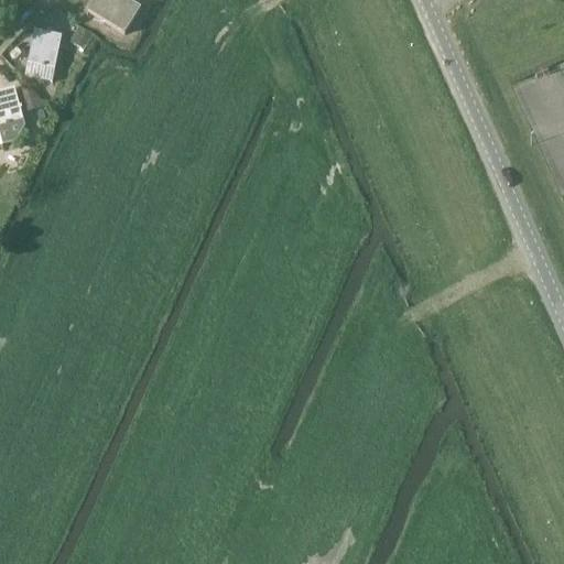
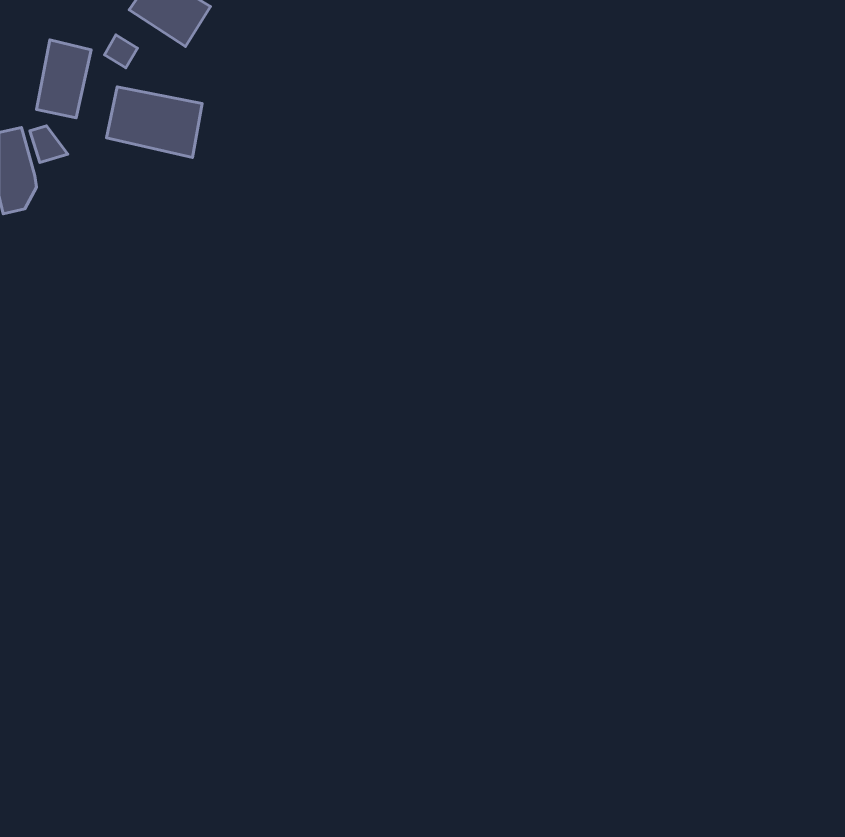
building: none -> [107,87,202,157]

